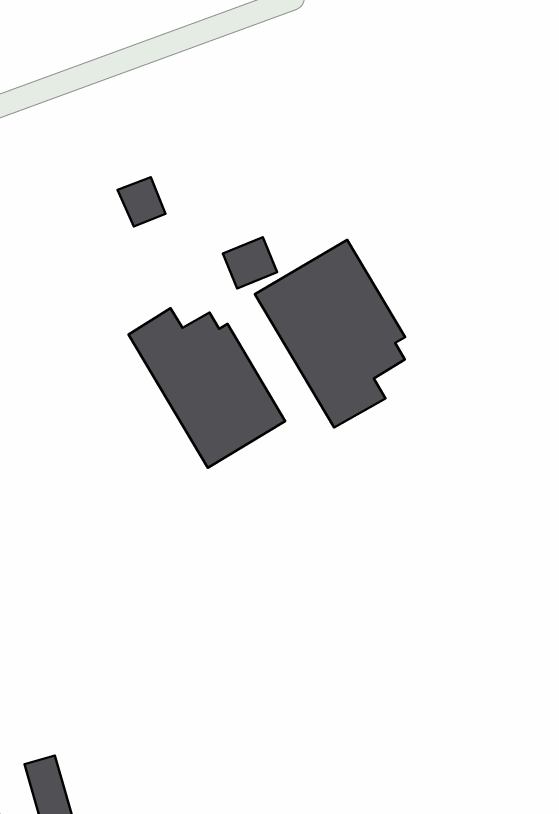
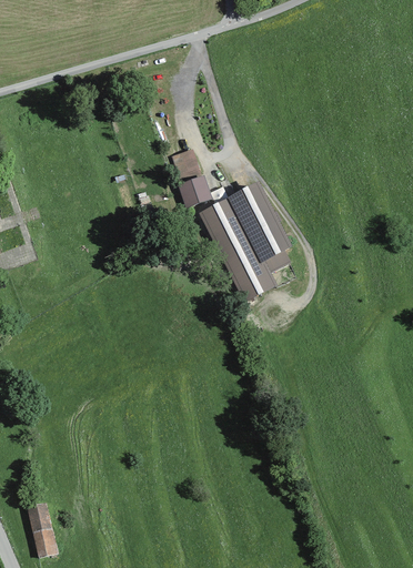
building: [118,177,166,226] -> [170,149,200,180]
building: [128,308,285,468] -> none

